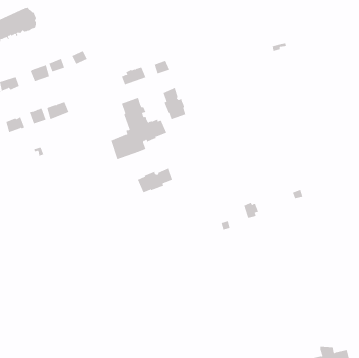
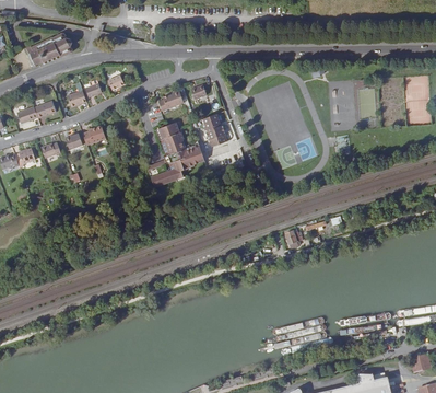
building: [137,168,173,193] -> none

